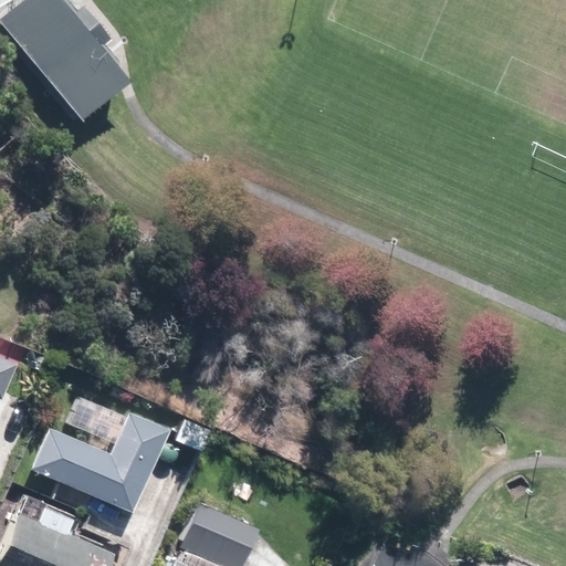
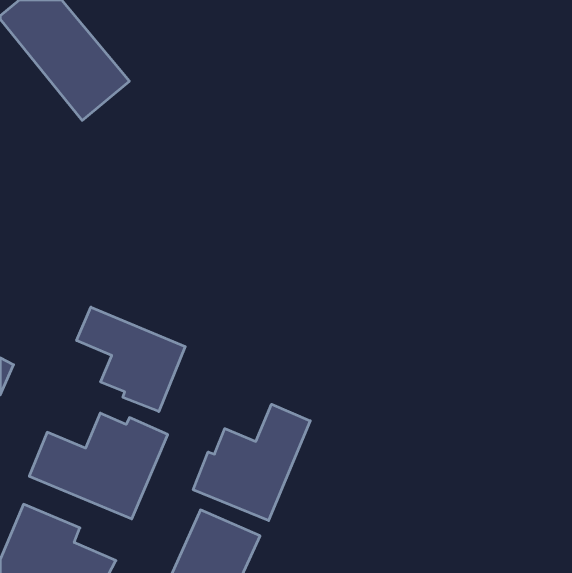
building: none -> [77,307,185,412]
building: none -> [193,404,310,521]

